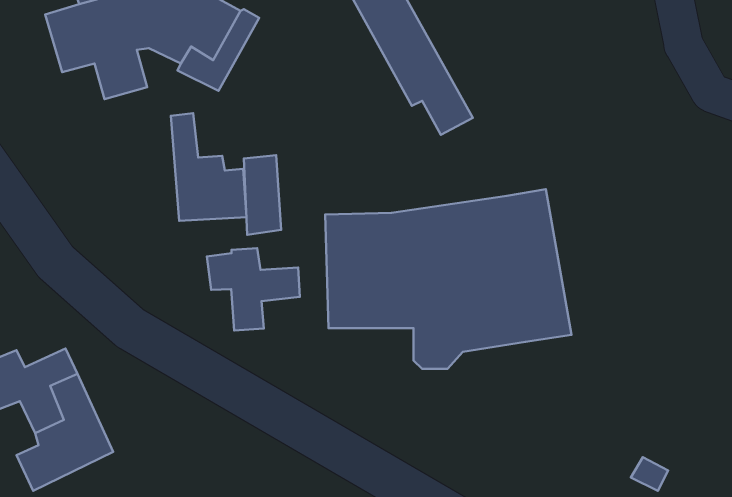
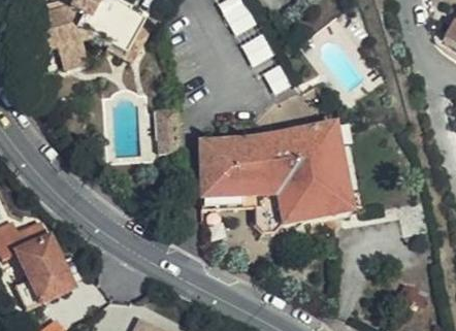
building: [171,113,246,221] -> none
building: [207,248,300,331] -> none

